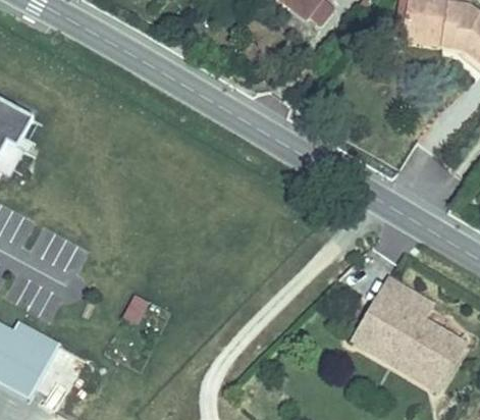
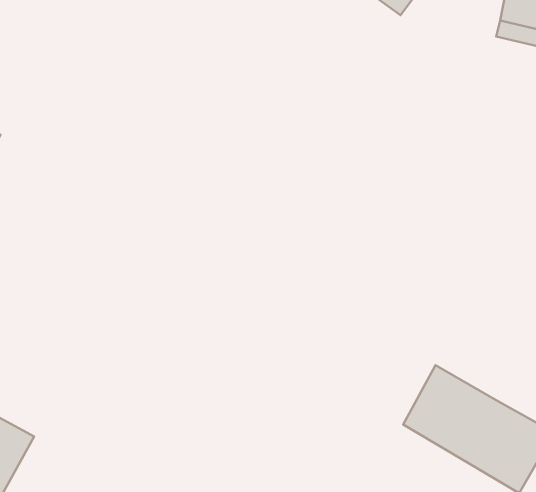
building: [362,268,417,315] -> none

